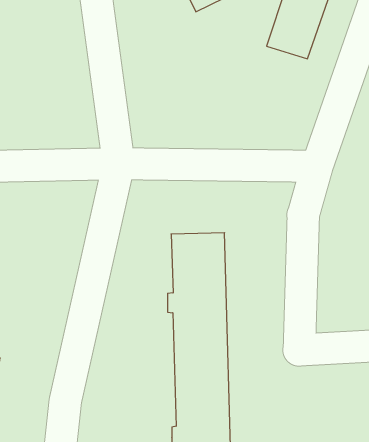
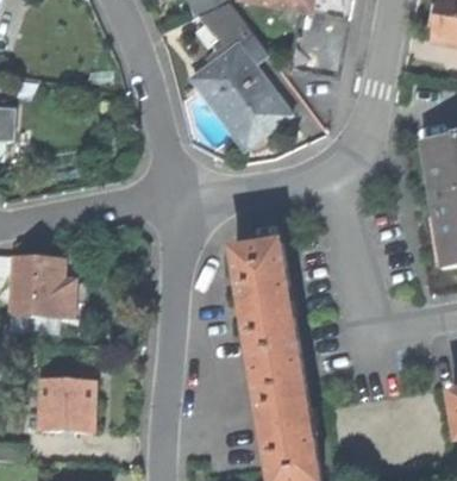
building: none -> [195,45,284,149]

